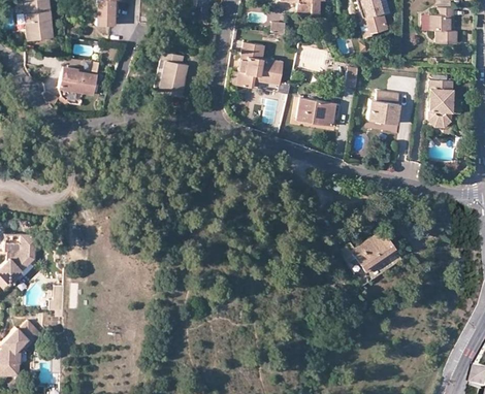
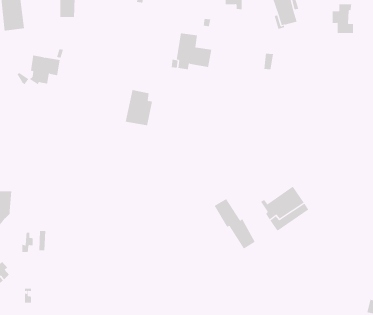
building: [154,52,188,96] -> [125,90,153,126]
building: [429,83,452,130] -> none
building: [368,90,399,123] -> none
building: [296,98,335,125] -> none
building: none -> [214,198,256,249]

